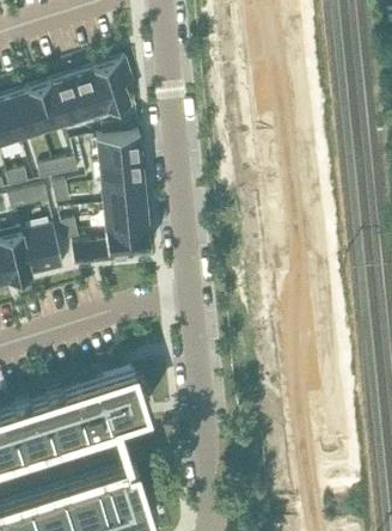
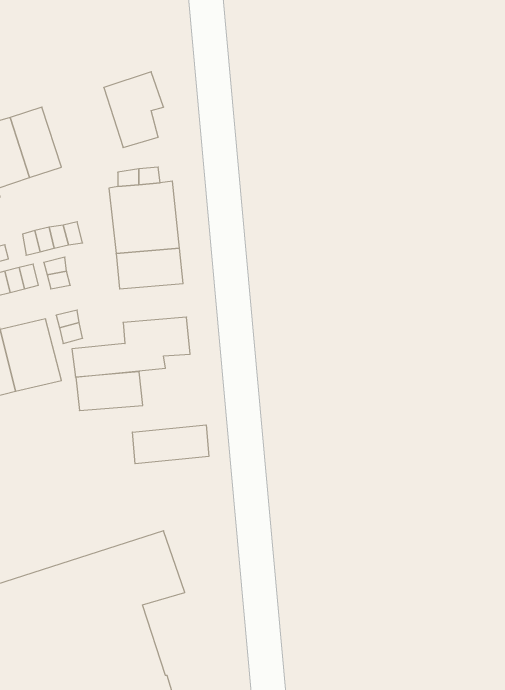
building: [50,69,105,123] -> none
building: [103,202,148,228] -> [76,372,143,411]
building: none -> [132,425,209,464]

